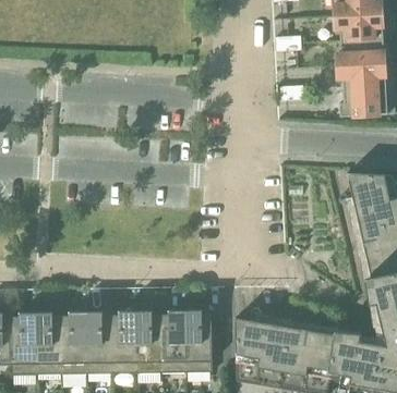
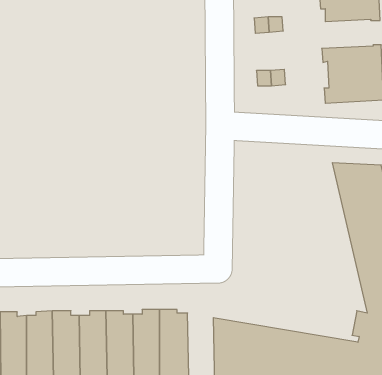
building: [336,39,384,66] -> none

